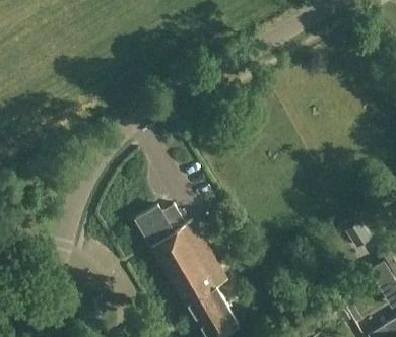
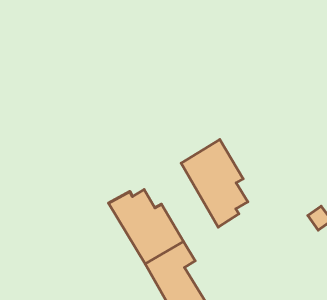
building: none -> [181,140,248,227]

